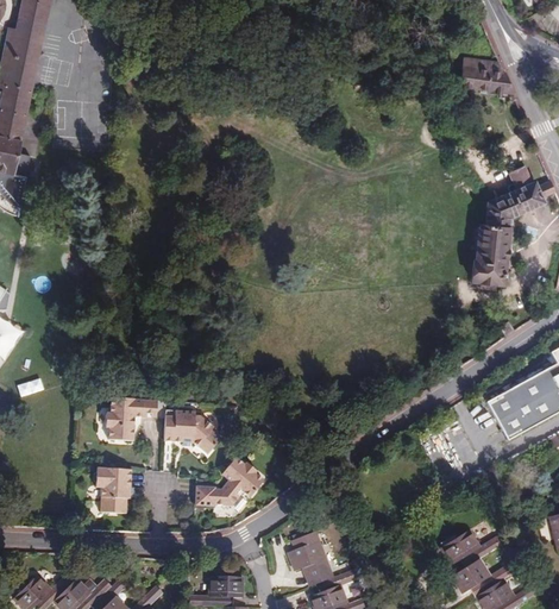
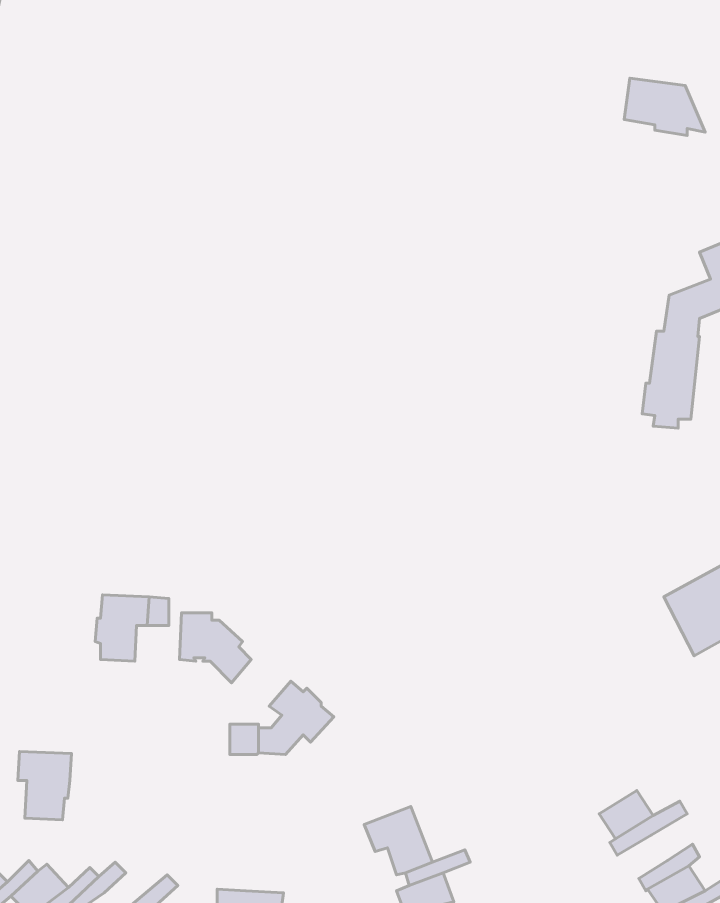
building: [98,469,133,514] -> [18,752,72,820]
building: [451,559,489,592] -> none
building: [209,576,244,597] -> none

